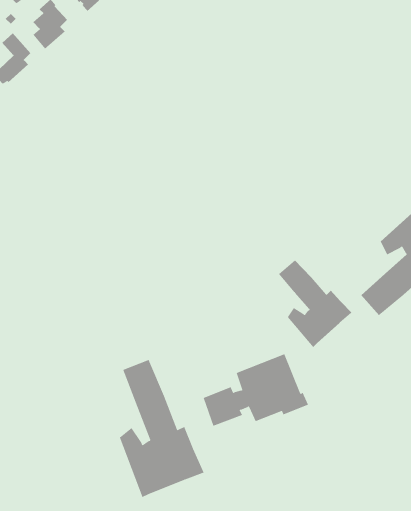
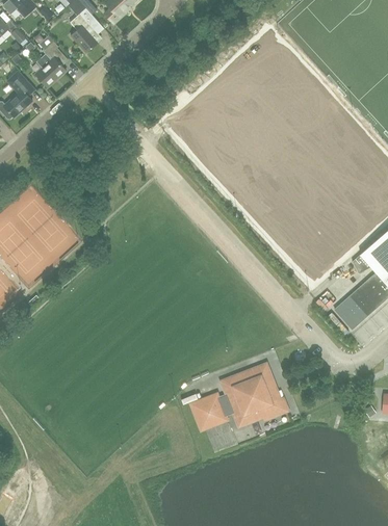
building: [278,259,353,348] -> none
building: [119,359,205,498] -> none

